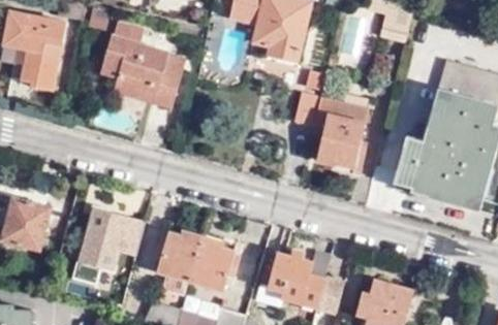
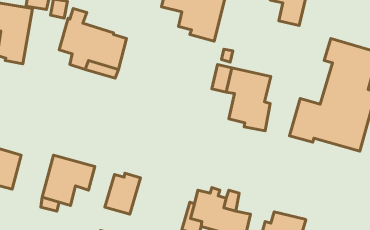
building: [189,236,234,292] -> none

